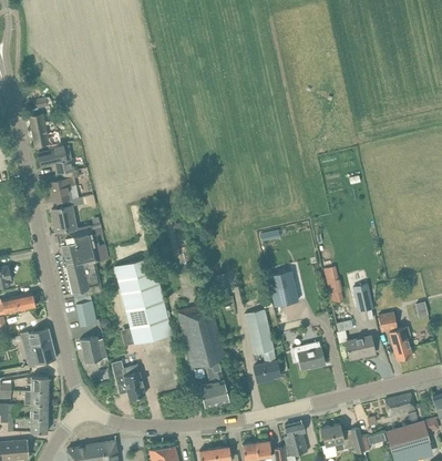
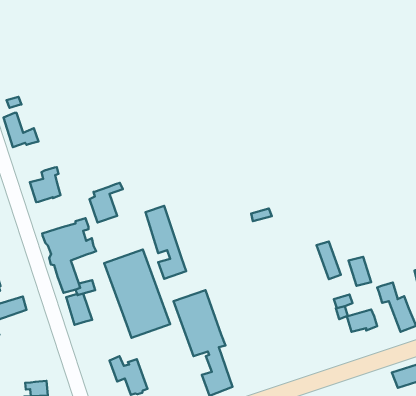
building: [38,144,74,175] -> none
building: [51,197,84,234] -> [90,183,123,222]
building: [268,270,298,306] -> none
building: [245,310,279,381] -> [146,206,186,279]
building: [21,328,55,368] -> none
building: [80,336,106,363] -> none
building: [291,341,325,369] -> none

